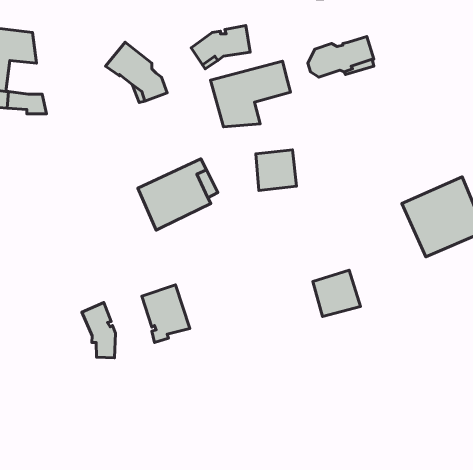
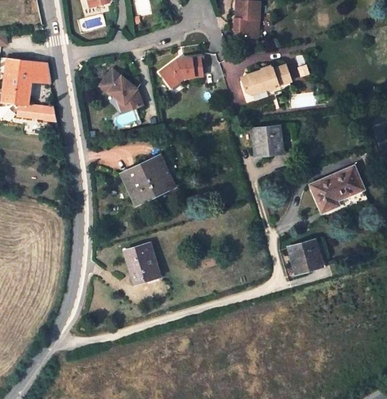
building: [211,61,290,127] -> none
building: [256,150,297,190] -> [253,125,282,154]
building: [313,270,360,316] -> [288,239,322,272]
building: [82,302,116,358] -> none

